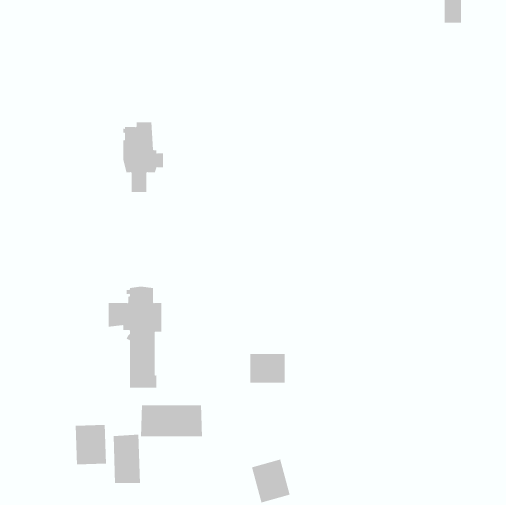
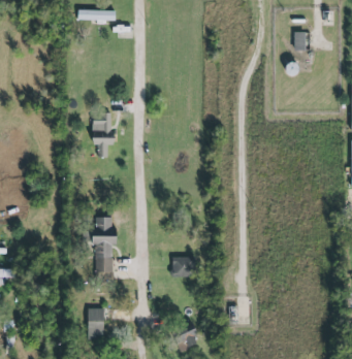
building: [141,404,202,437] -> none
building: [75,424,107,465] -> none

